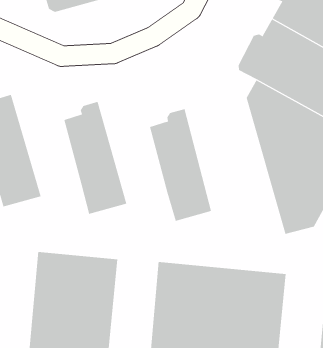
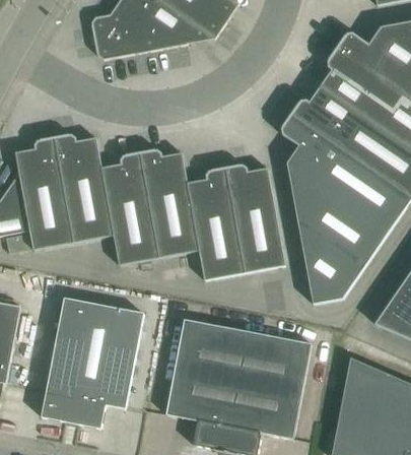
building: none -> [53,134,114,243]
building: none -> [139,149,199,258]
building: none -> [225,165,286,273]

